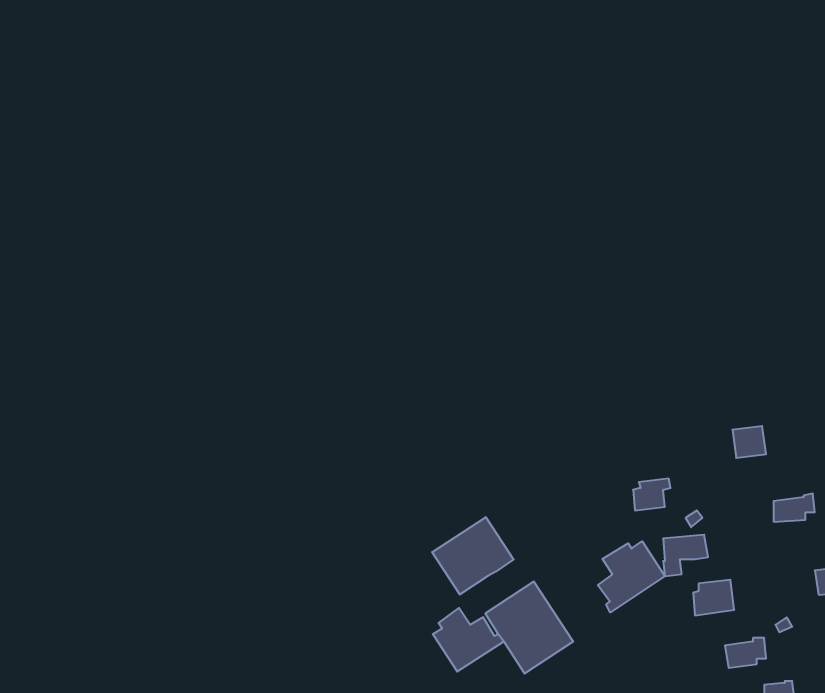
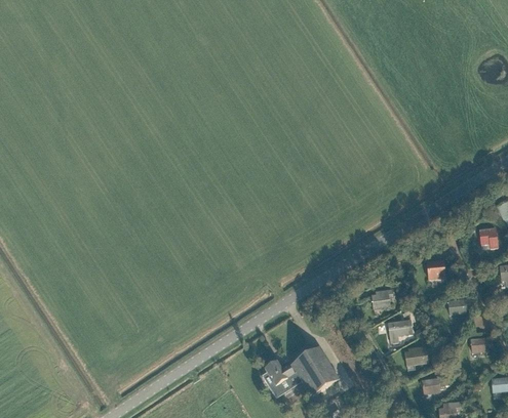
building: [432,517,514,595] -> none
building: [598,541,665,612] -> none

